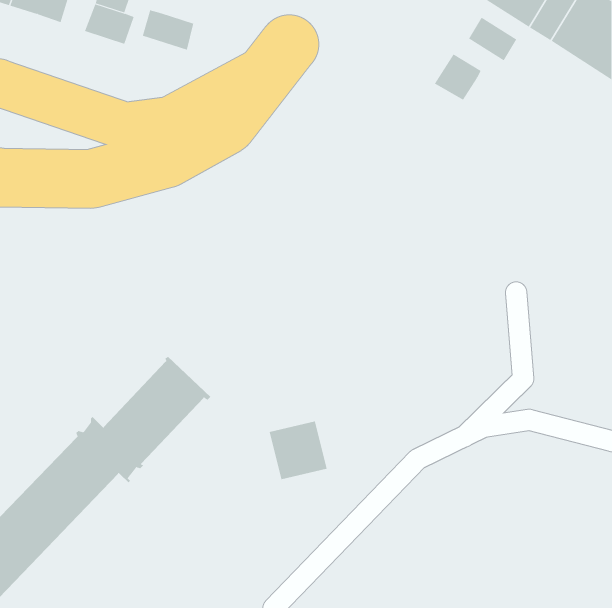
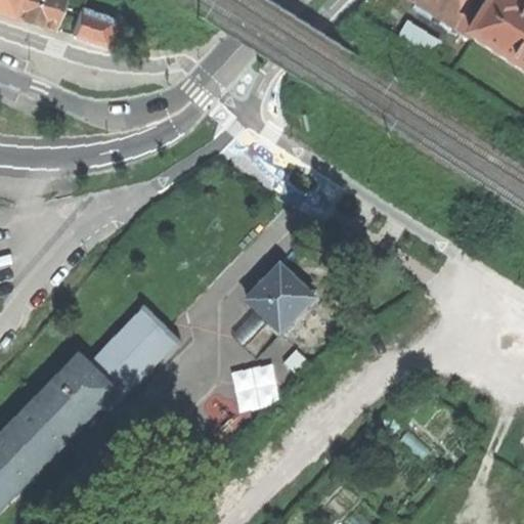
building: [142,9,194,51] -> none
building: [434,53,482,101] -> none
building: none -> [248,264,314,332]

